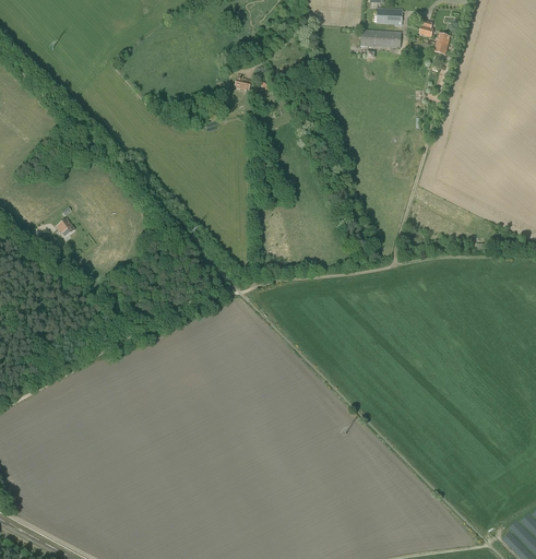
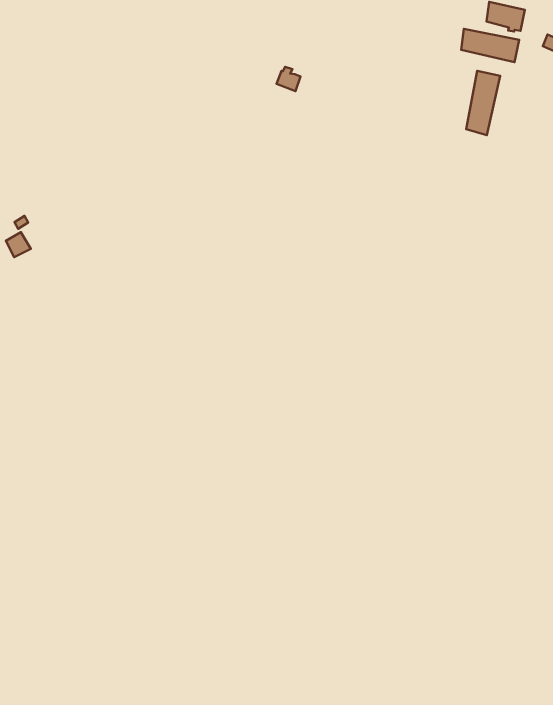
building: none -> [466,71,500,135]

